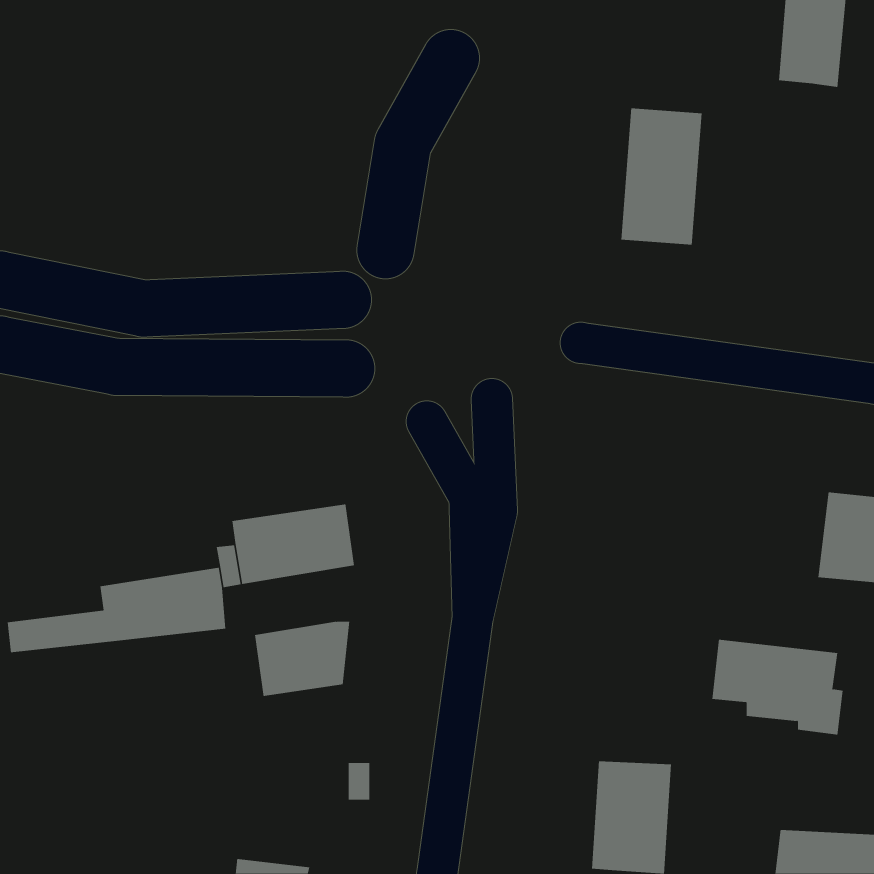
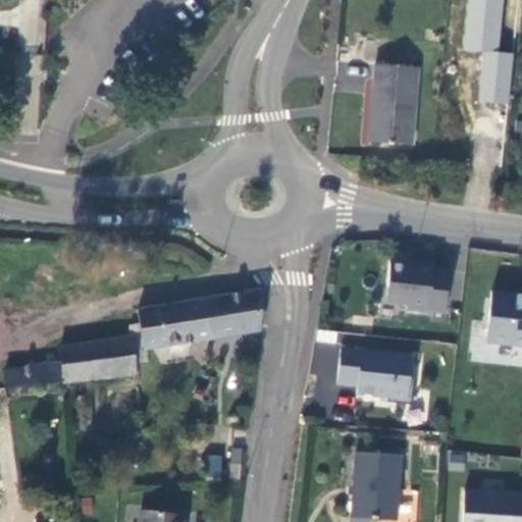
building: none -> [479,50,514,102]
building: none -> [388,260,452,311]
building: [254,621,350,697] -> [207,292,264,336]
building: [711,639,843,735] -> [336,347,415,404]

